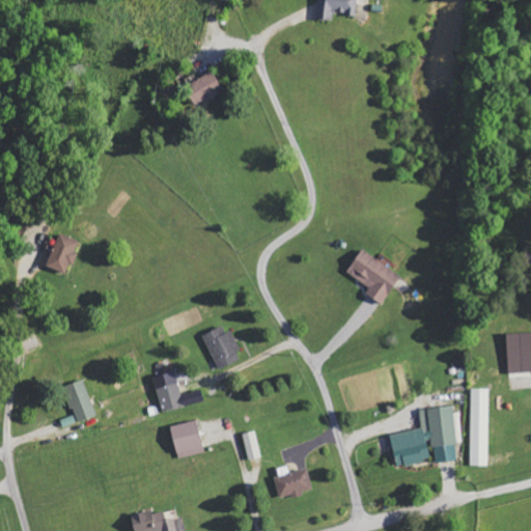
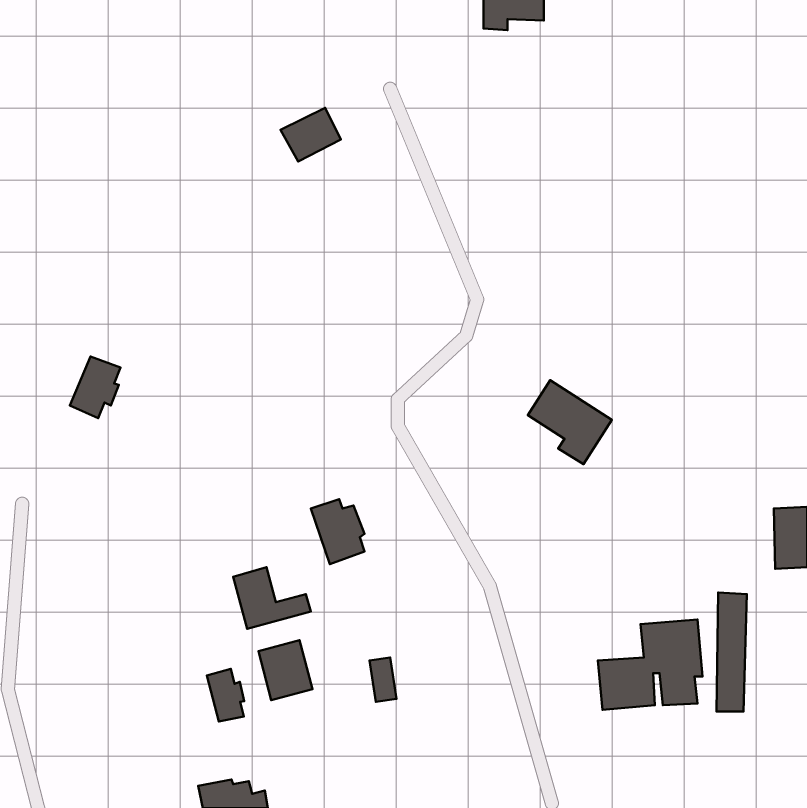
building: [64,380,93,422] -> none
building: none -> [207,669,244,722]
building: [274,466,311,498] -> none

